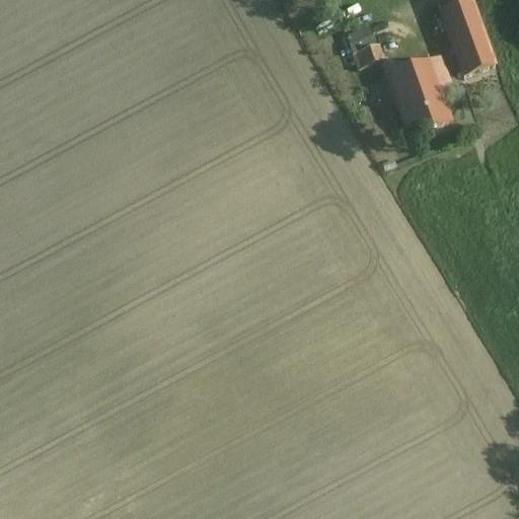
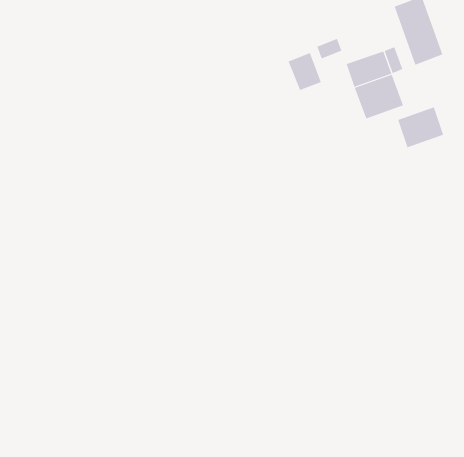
building: none -> [288,52,322,91]
building: none -> [397,107,444,148]

